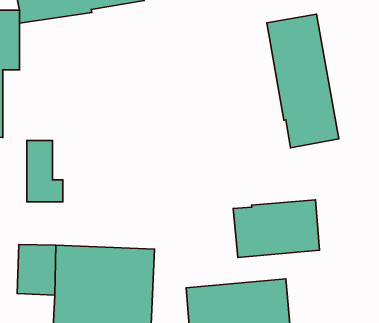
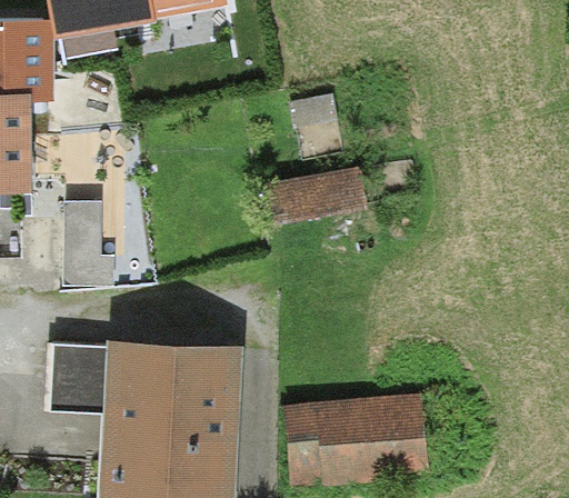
building: [267,14,339,148] -> none
building: none -> [266,165,367,226]
building: [233,200,320,258] -> none

